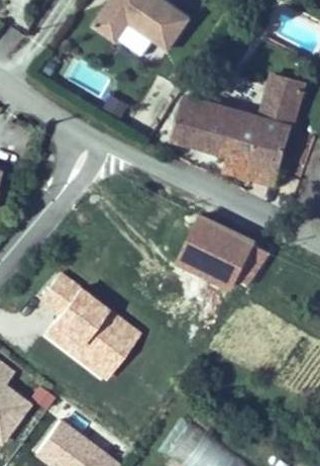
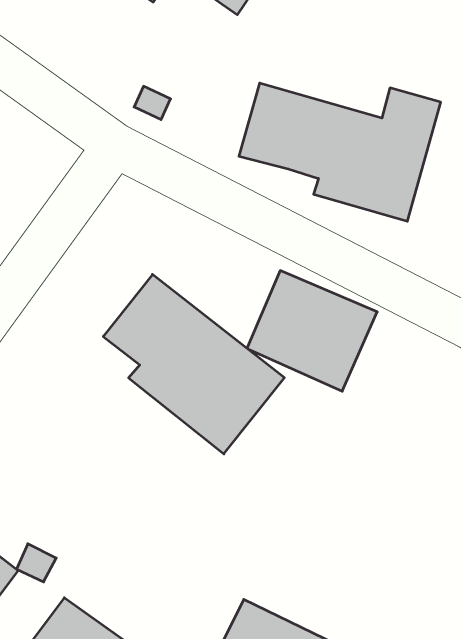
building: [268,74,307,107] -> none
building: [26,271,141,385] -> [103,274,284,454]

